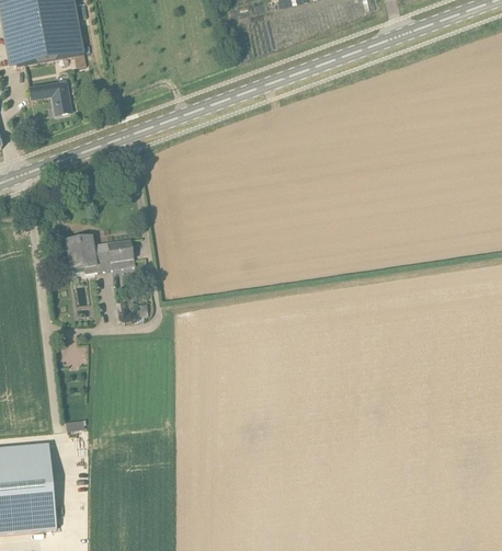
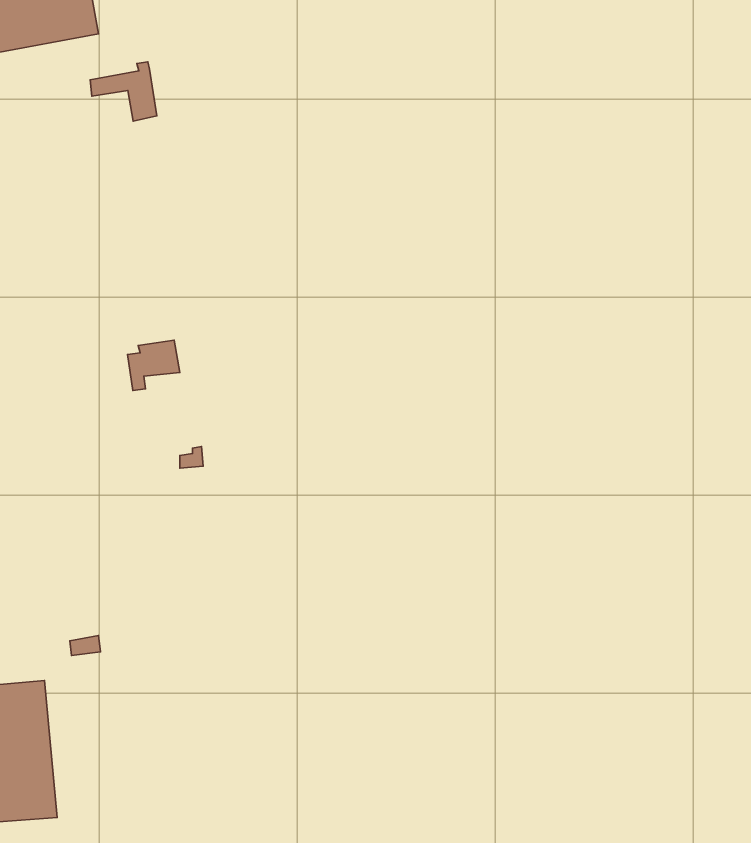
building: [28,77,69,113] -> [90,62,157,121]
building: [65,236,103,269] -> none

